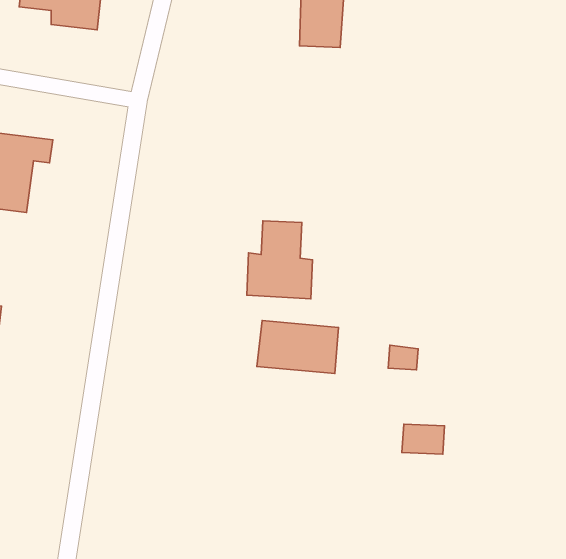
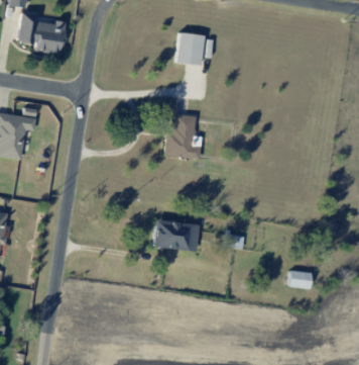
building: [247,221,312,299] -> [164,113,202,158]
building: [402,424,444,454] -> [288,270,313,287]

